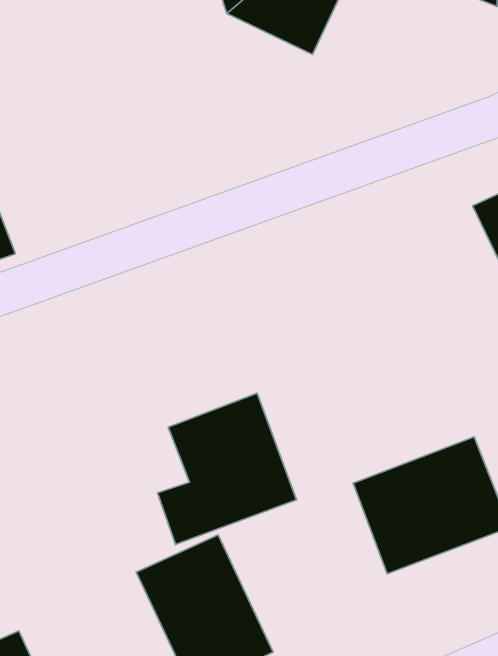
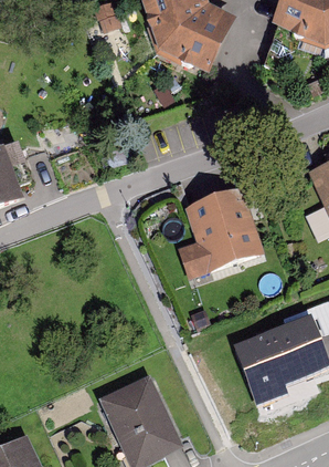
building: [158,393,296,544] -> [183,188,269,282]

